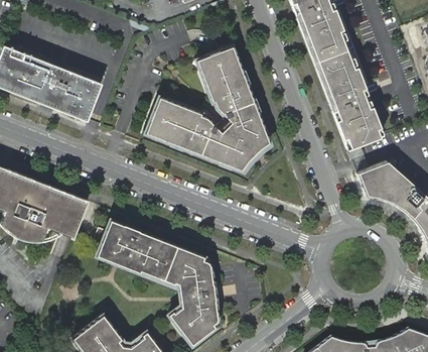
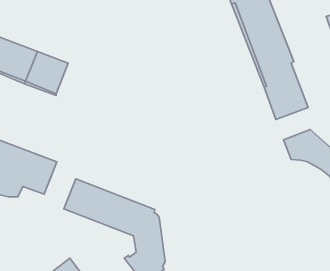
building: [145,45,271,171] -> none

